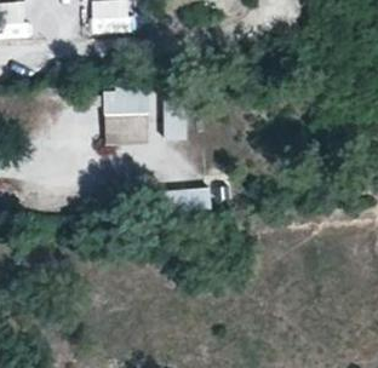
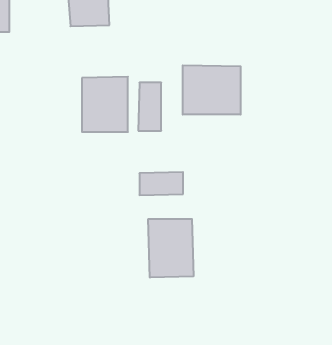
building: none -> [183,65,241,115]
building: none -> [148,219,193,278]

